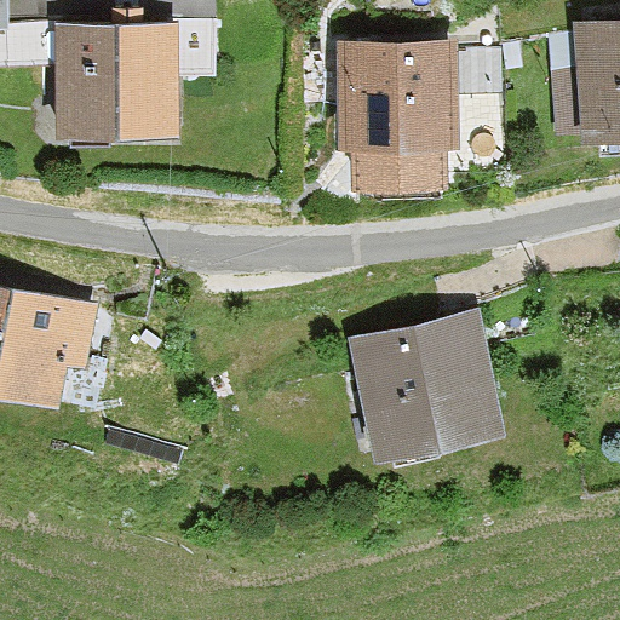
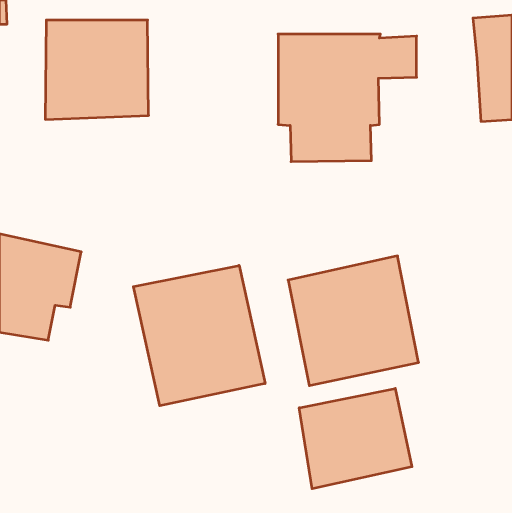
building: none -> [133,265,265,406]
building: none -> [299,388,412,489]

